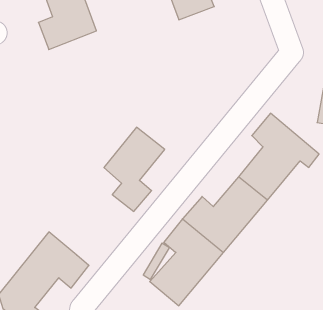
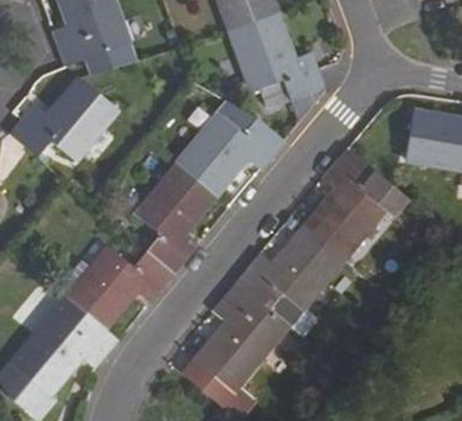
building: none -> [230,13,323,100]
building: none -> [8,79,116,160]
building: none -> [177,115,283,194]
building: none -> [65,248,173,328]

